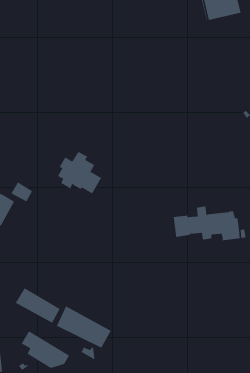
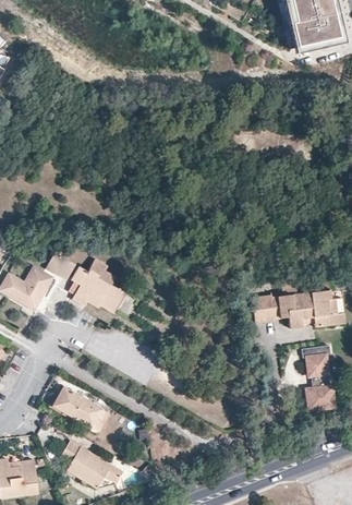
building: [57,151,102,194] -> [70,258,126,313]
building: none -> [306,351,338,414]
building: [56,306,112,349] -> none

